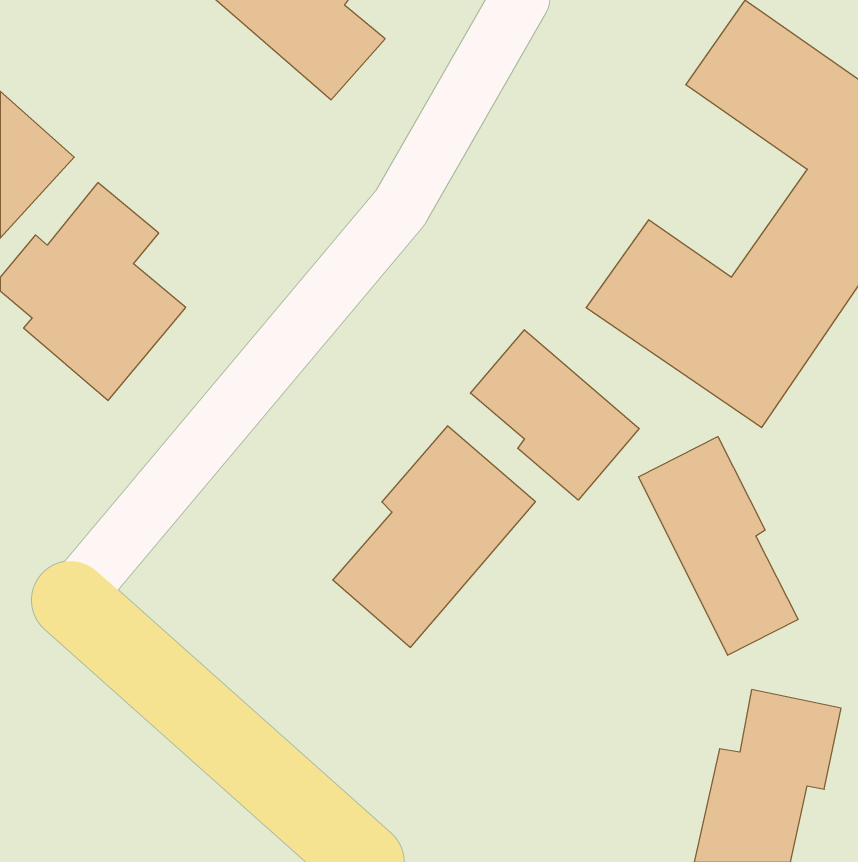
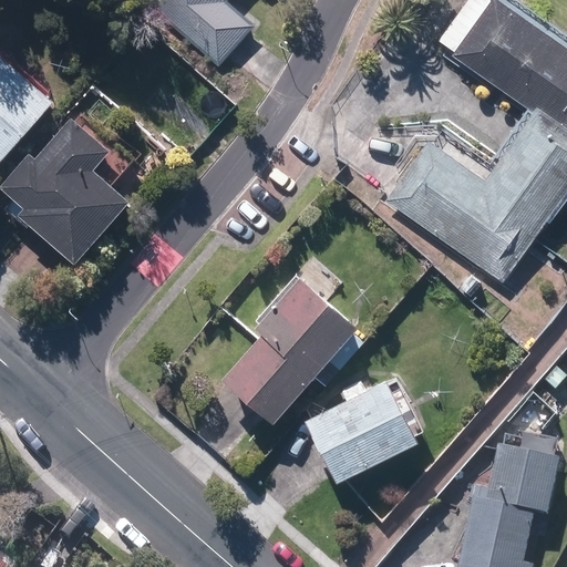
building: [470,330,639,500] -> none
building: [639,437,798,655] -> none
building: none -> [303,380,414,483]

